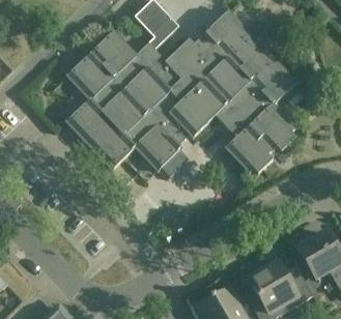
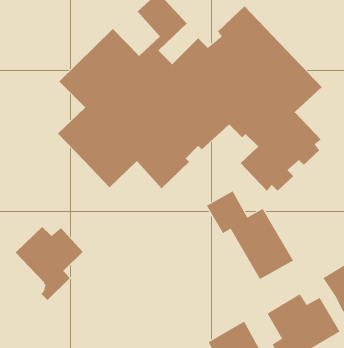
building: none -> [206,191,294,280]
building: none -> [15,226,84,301]

